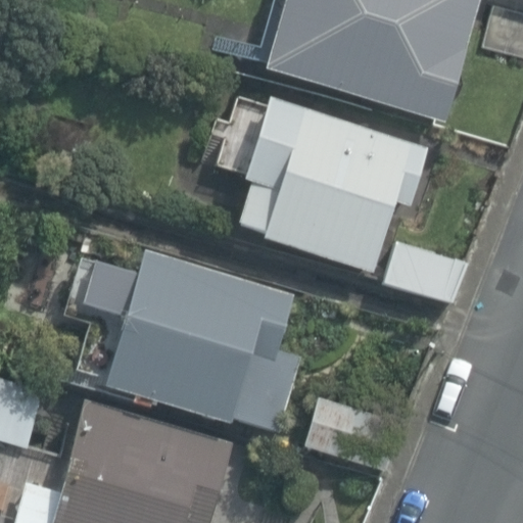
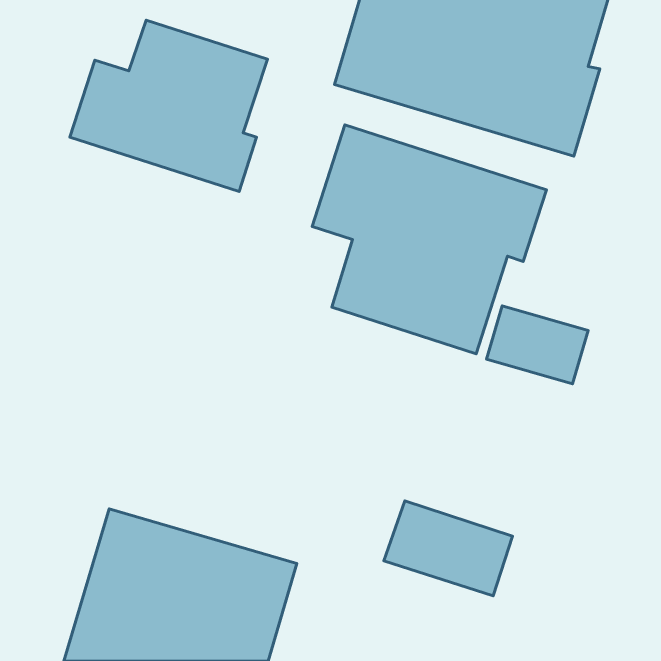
building: none -> [70,20,267,192]
building: [102,248,294,426] -> none

